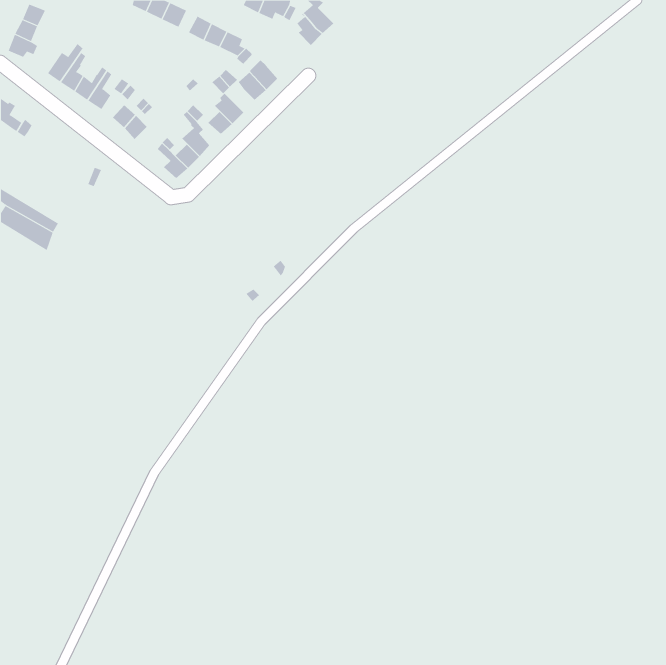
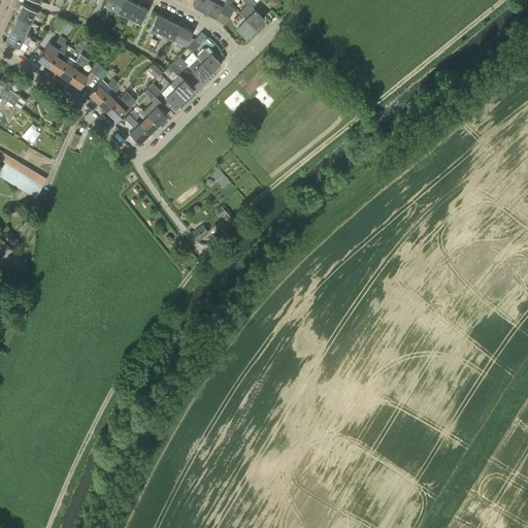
building: none -> [107,92,136,122]

